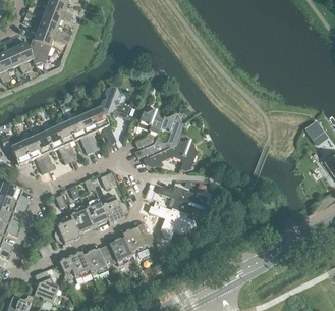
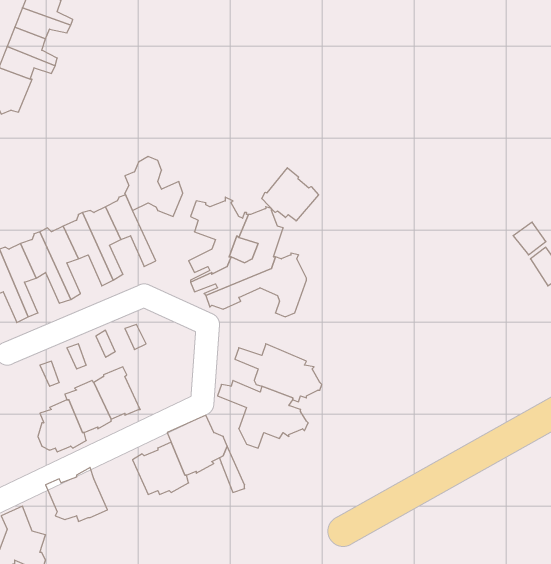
building: none -> [262,168,319,221]
building: [100,194,127,222] -> none
building: [83,246,112,275] -> none

